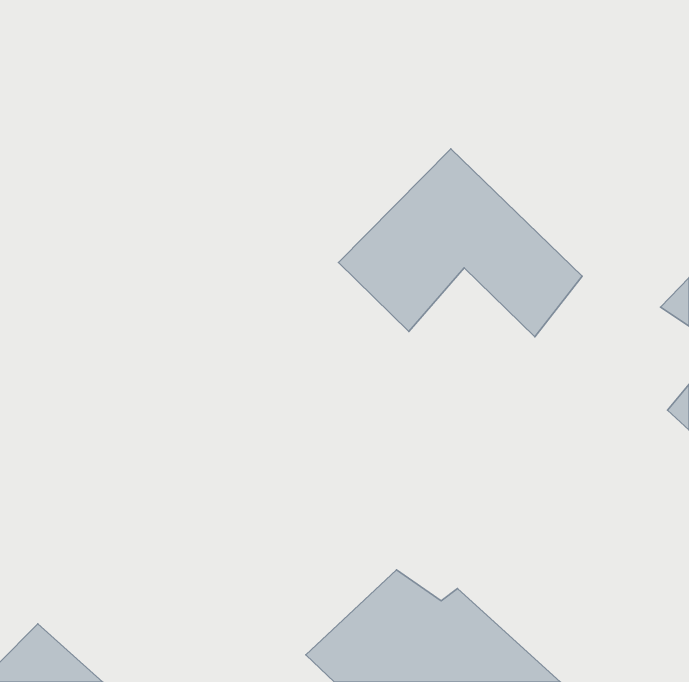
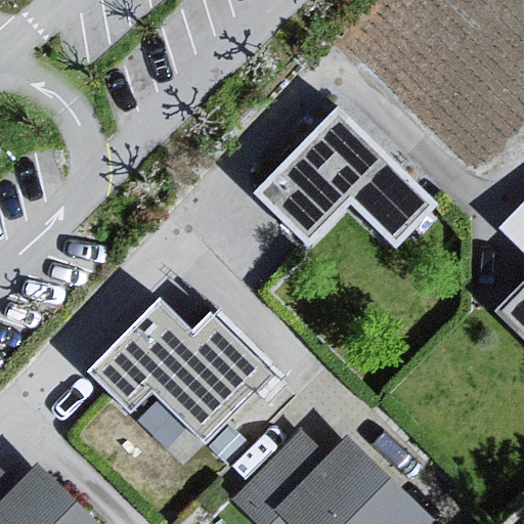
building: none -> [87,301,274,448]

